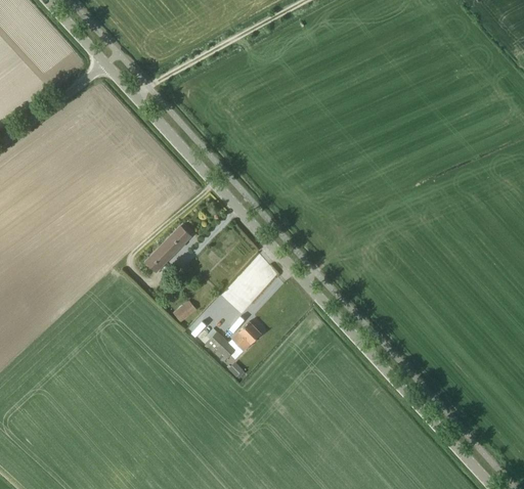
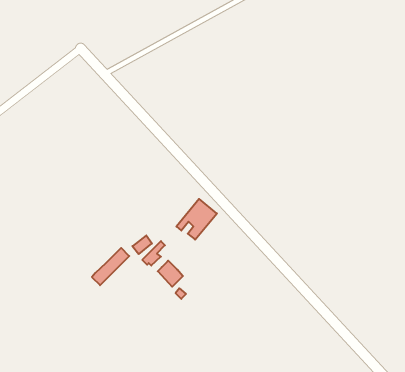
building: [145,225,192,272] -> [92,248,129,285]
building: [232,320,262,351] -> none

